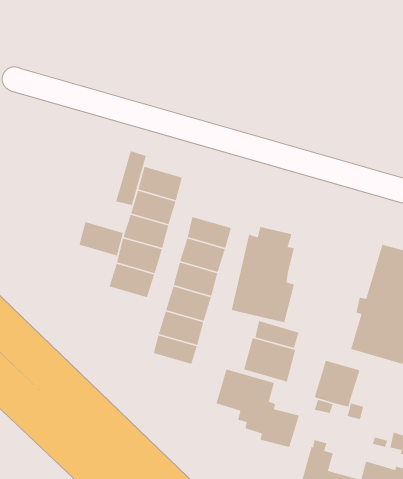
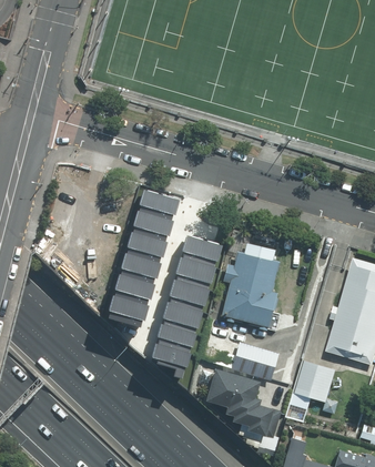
building: [115,150,147,206] -> none
building: [78,221,124,257] -> [108,296,148,327]
building: [254,320,300,349] -> none

